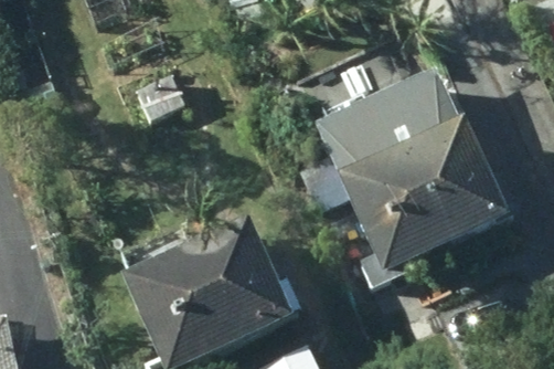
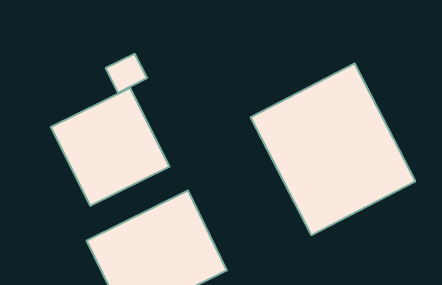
building: none -> [51,88,169,206]

